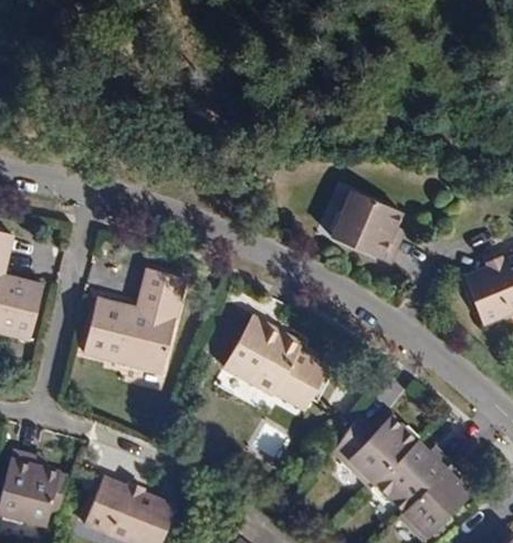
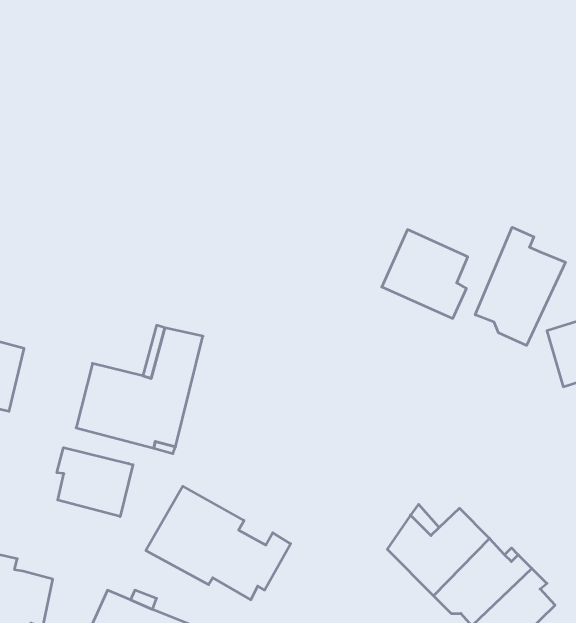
building: none -> [475,227,565,345]
building: [222,317,339,409] -> [146,486,291,600]
building: none -> [57,448,133,517]

